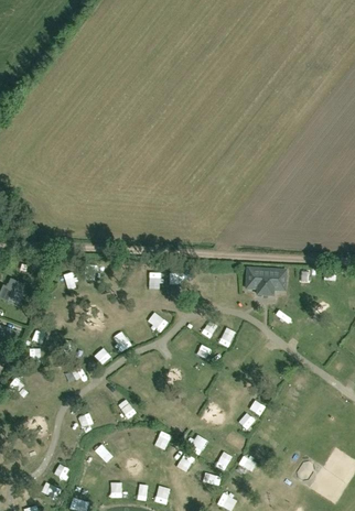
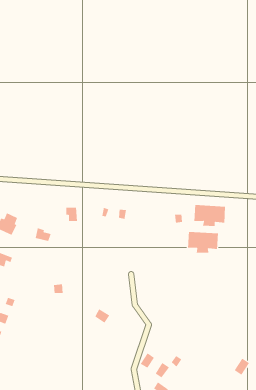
building: none -> [188,231,218,254]

